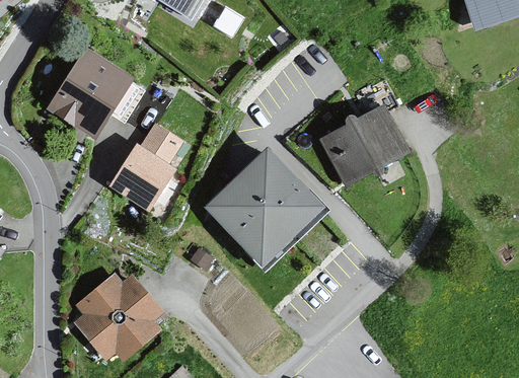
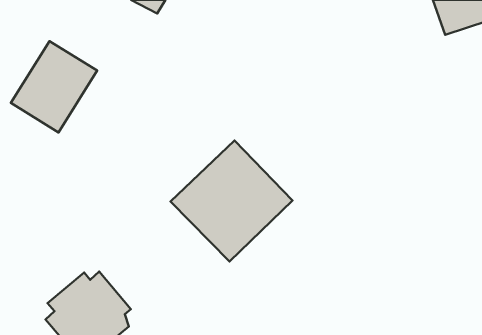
building: [323,111,416,190] -> none
building: [106,117,195,217] -> none

